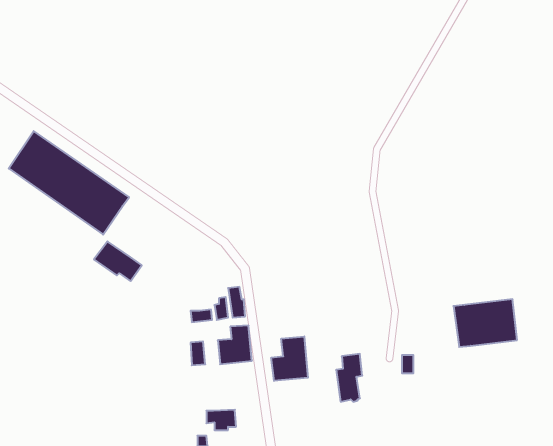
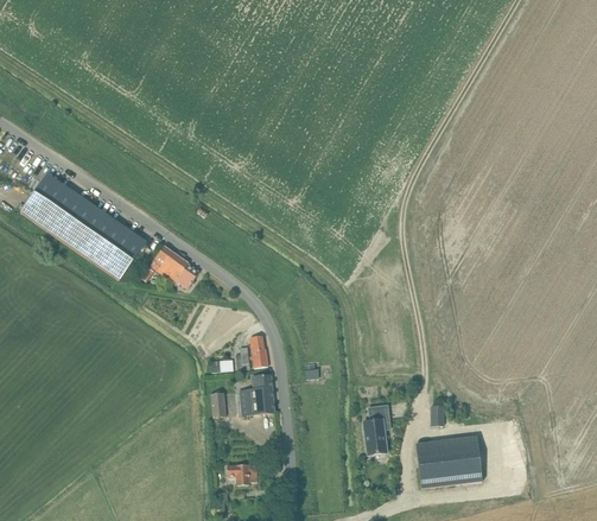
building: [94,241,142,281] -> [150,246,199,287]
building: [453,299,517,347] -> [413,437,479,487]
building: [271,336,308,381] -> none

